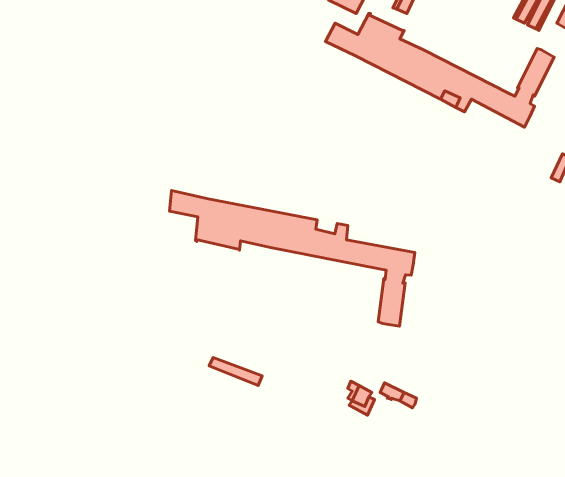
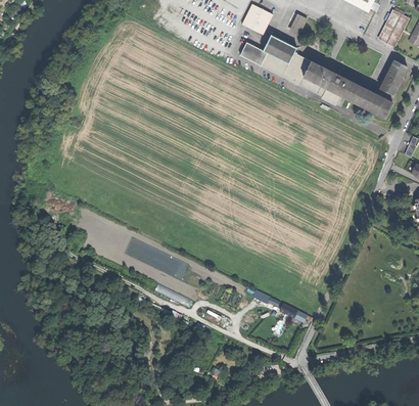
building: [169,191,415,326] -> none

